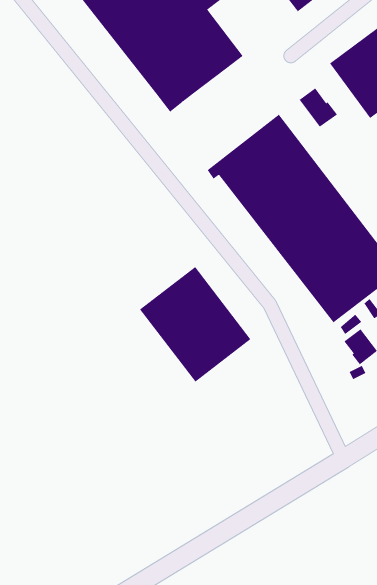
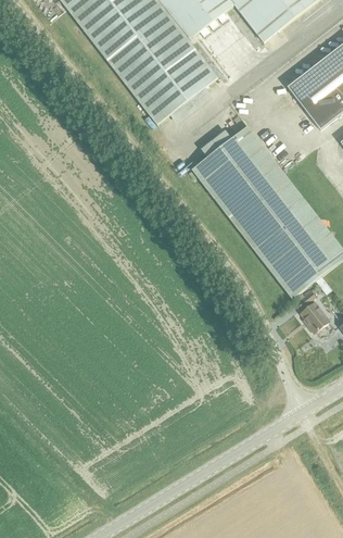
building: [299,87,338,128] -> none
building: [139,266,251,383] -> none

